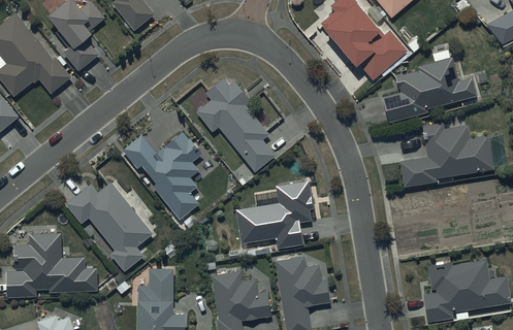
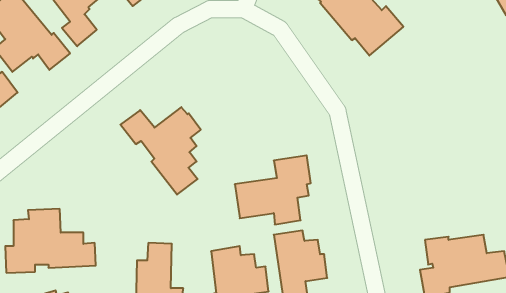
building: [381,58,476,123] -> none
building: [197,78,276,172] -> none
building: [398,122,493,189] -> none
building: [66,183,152,272] -> none

